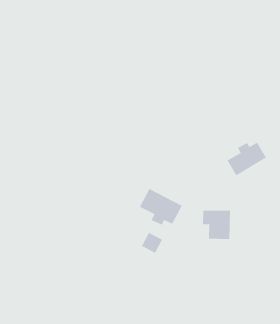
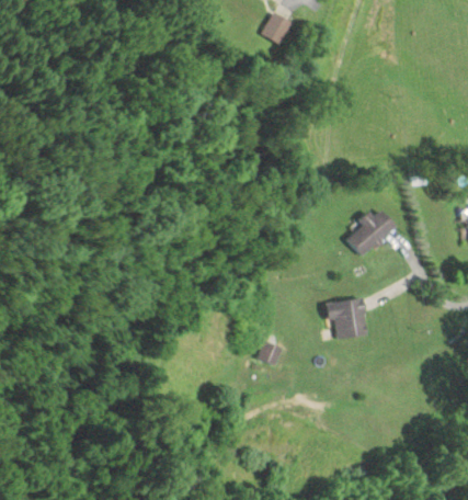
building: [139,188,182,225] -> none

